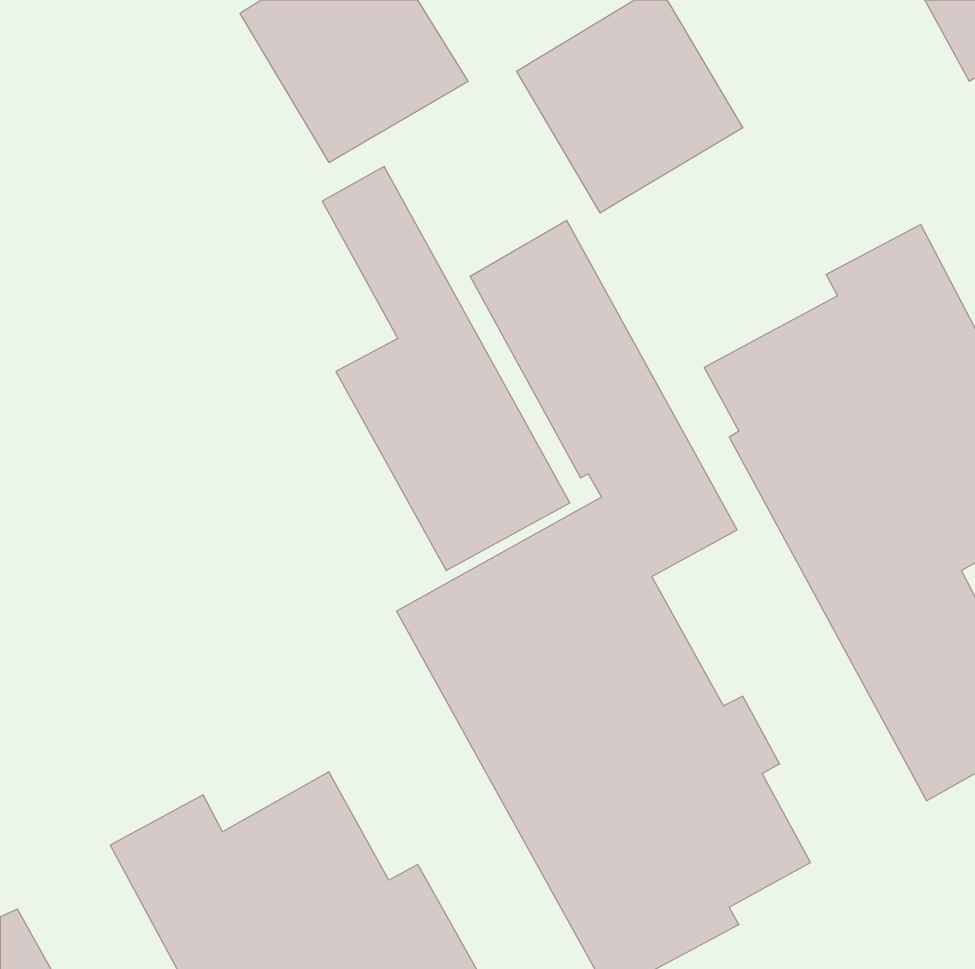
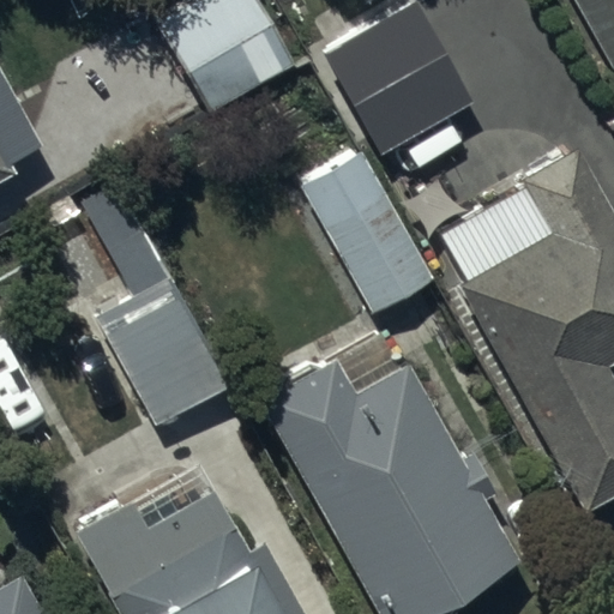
building: [322,166,570,571] -> [80,179,234,429]

